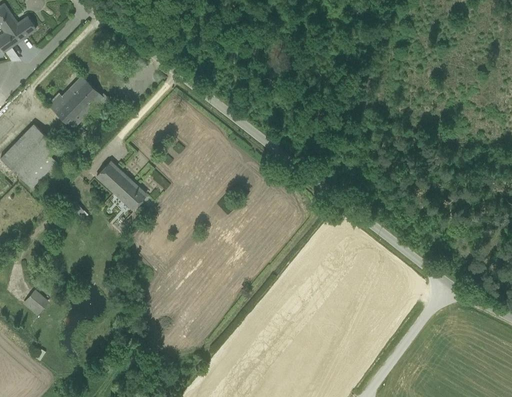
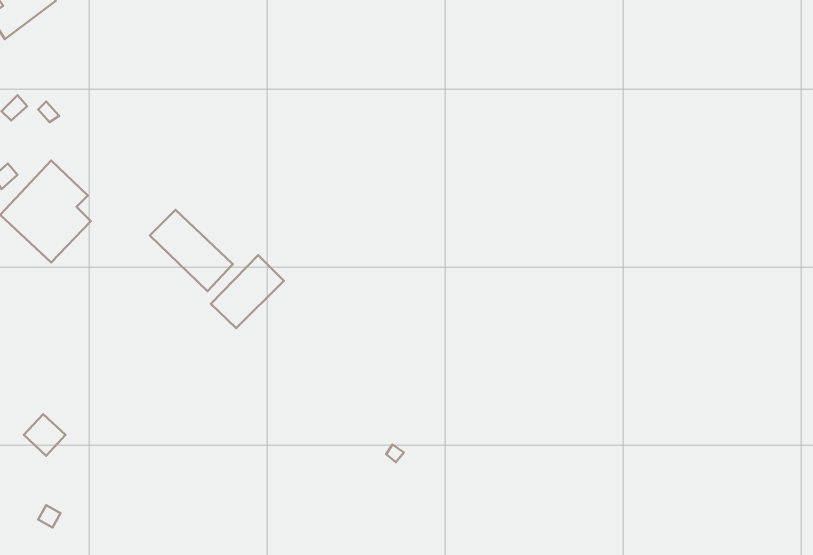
building: [46,75,102,128] -> none
building: none -> [211,255,284,328]

